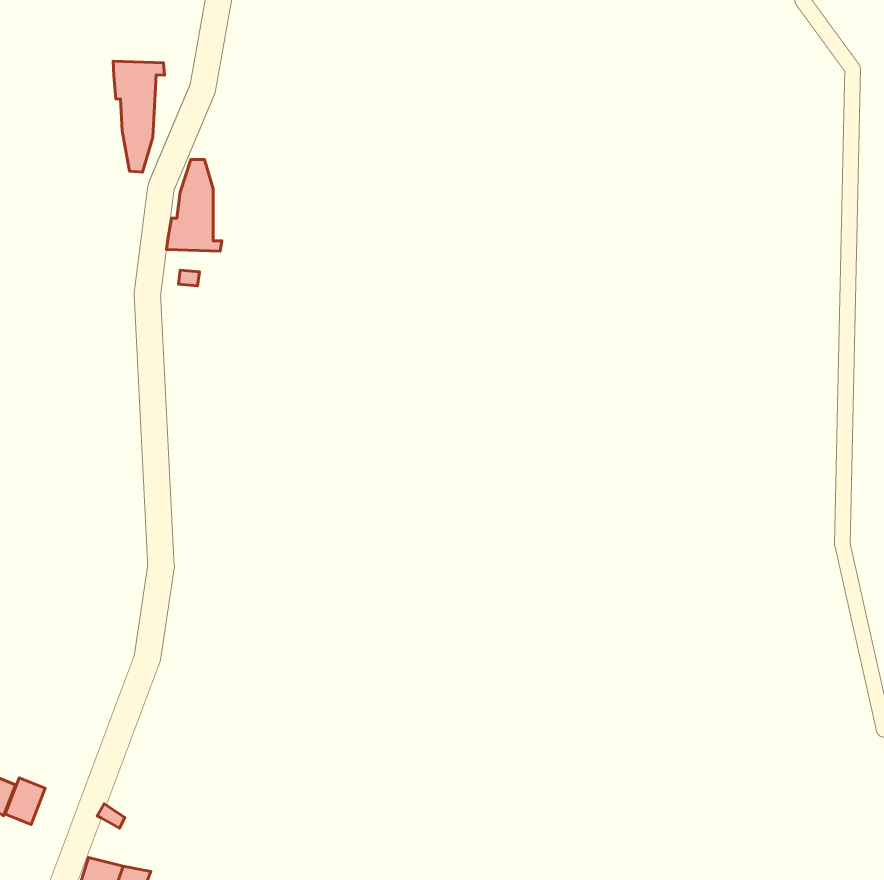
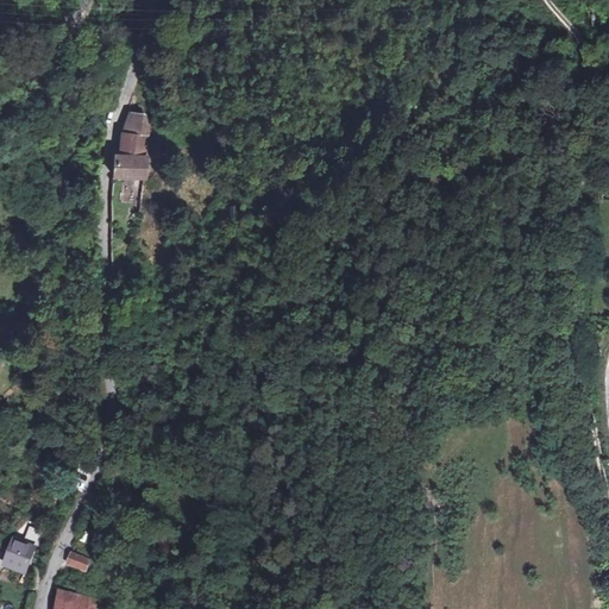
building: [113,61,164,172] -> none

